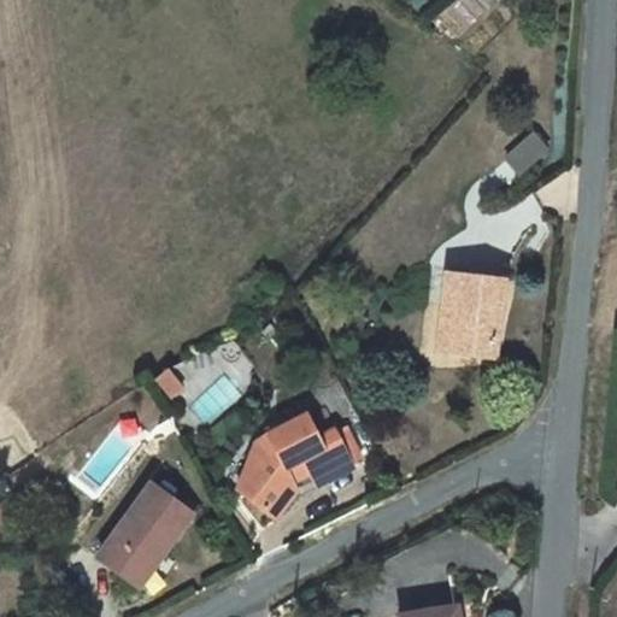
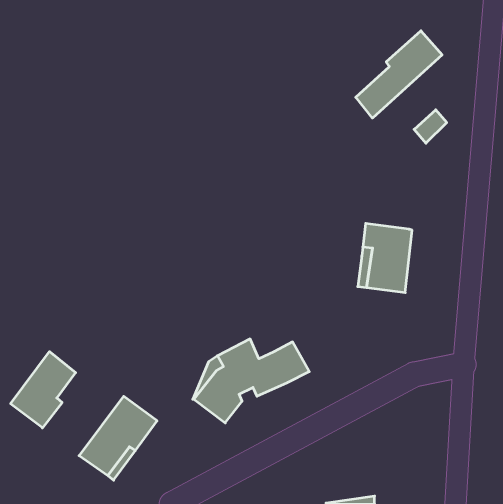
building: none -> [356,31,442,118]
building: none -> [11,352,76,428]

